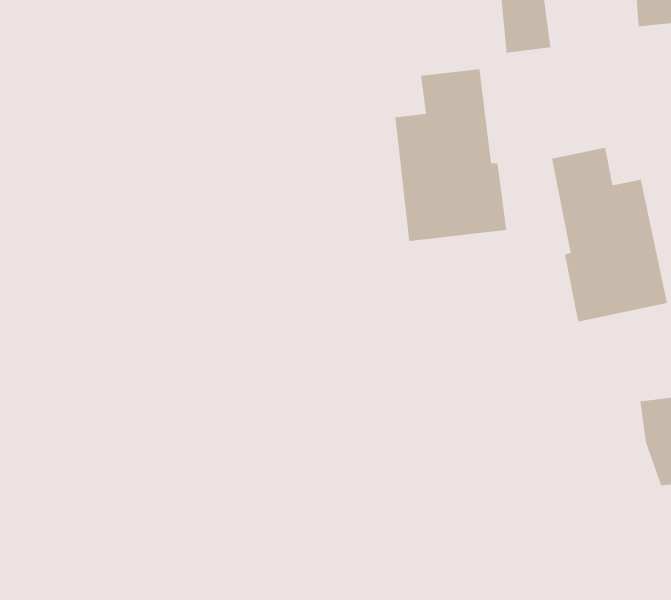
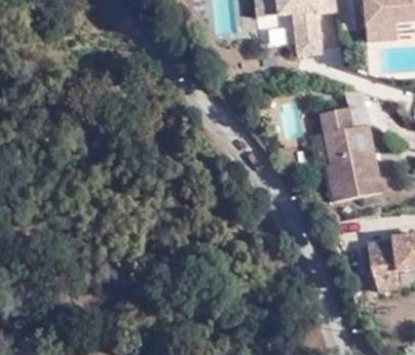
building: [395,68,507,242] -> none

